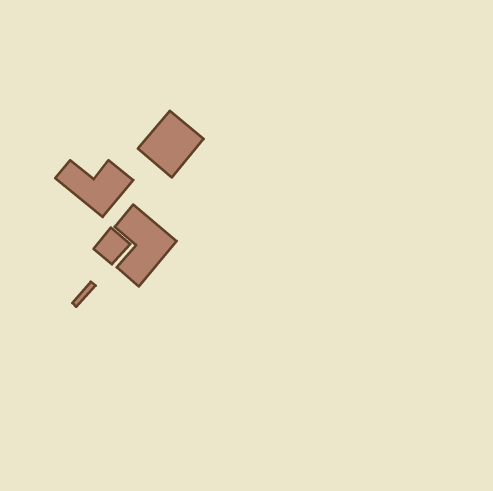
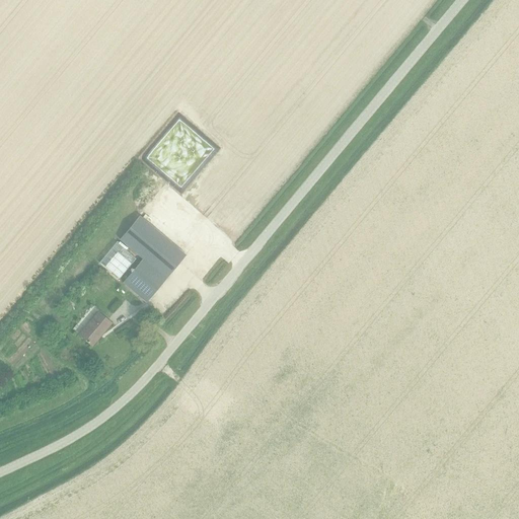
building: [55,160,133,217] -> none
building: none -> [79,311,112,345]

